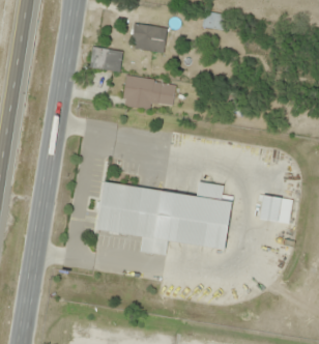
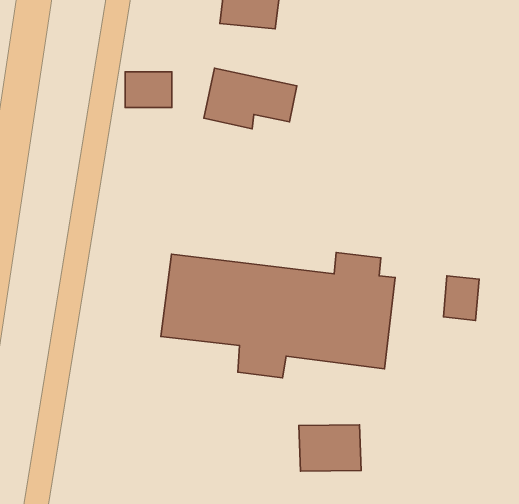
building: [94,49,121,69] -> [125,72,172,108]
building: none -> [299,425,361,471]

